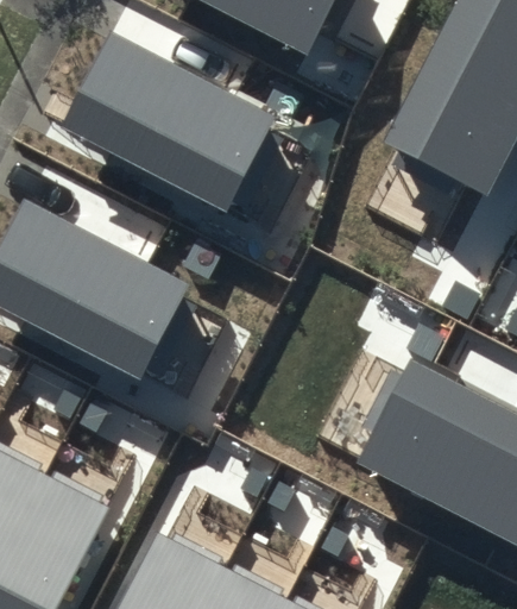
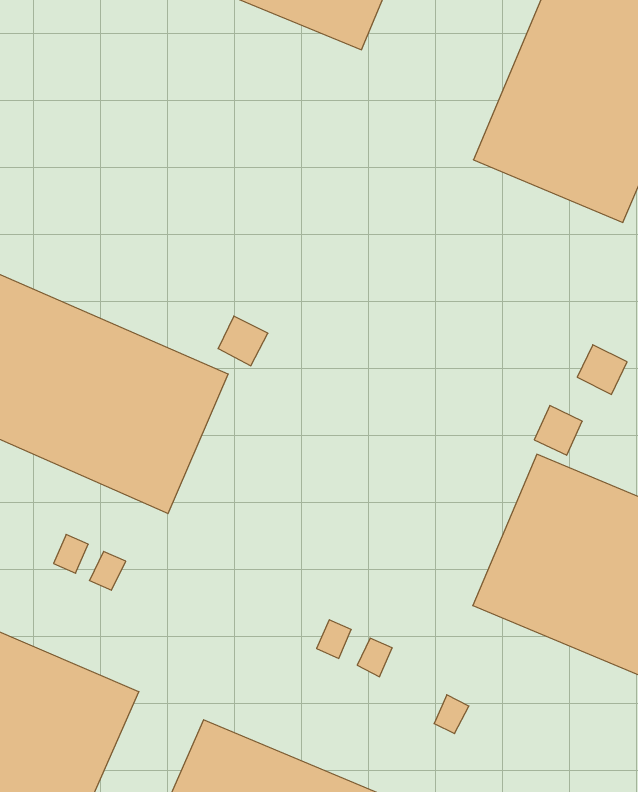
building: [62,31,275,211] -> none

